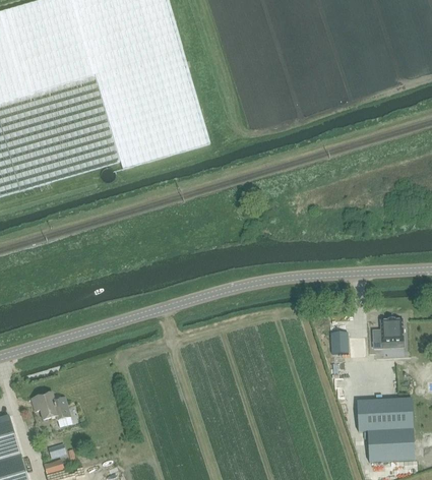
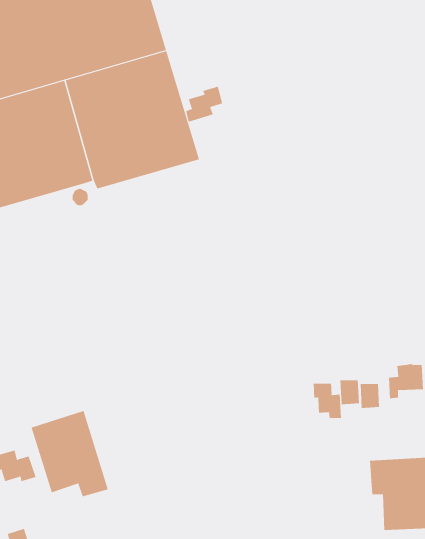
building: none -> [185,86,223,123]
building: none -> [313,383,342,419]
building: none -> [31,410,108,497]

